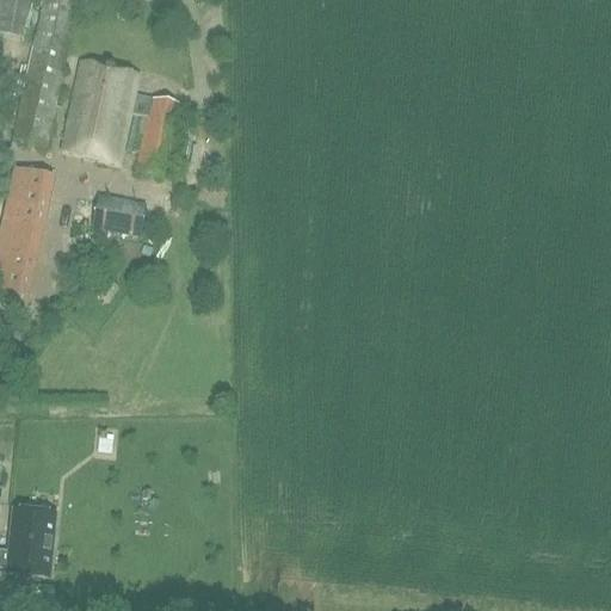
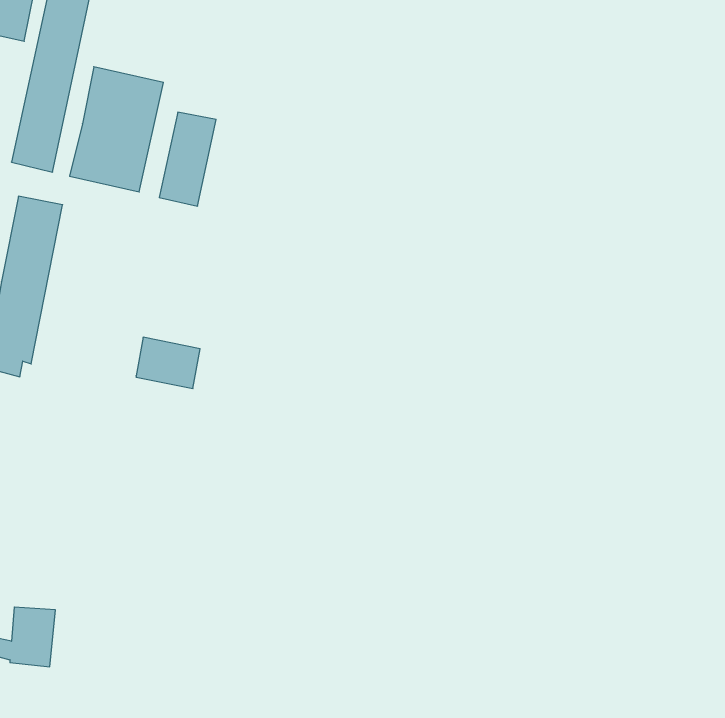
building: [91,191,144,234] -> [136,337,200,389]

